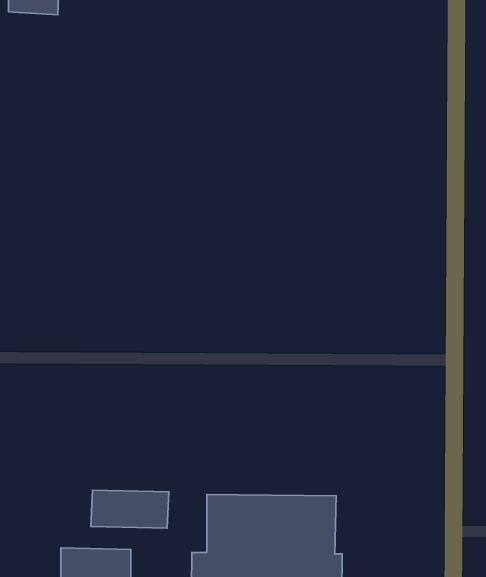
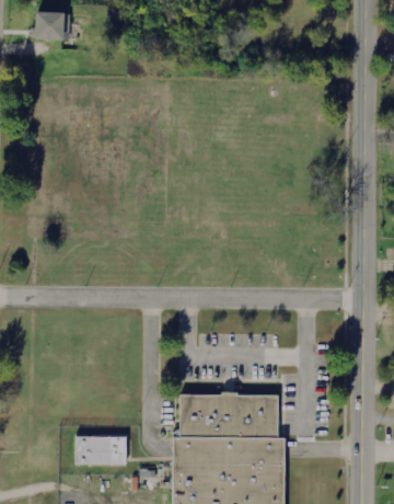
building: [91,490,169,528] -> none

